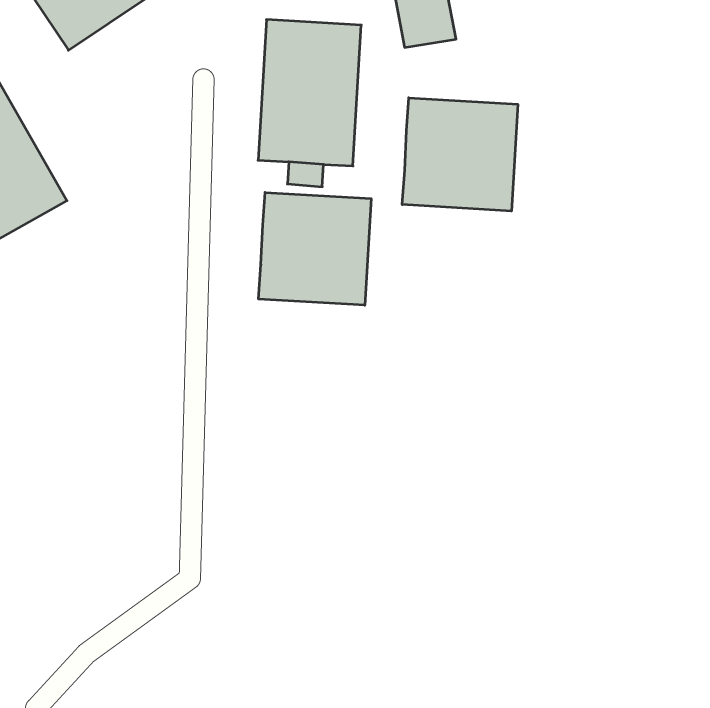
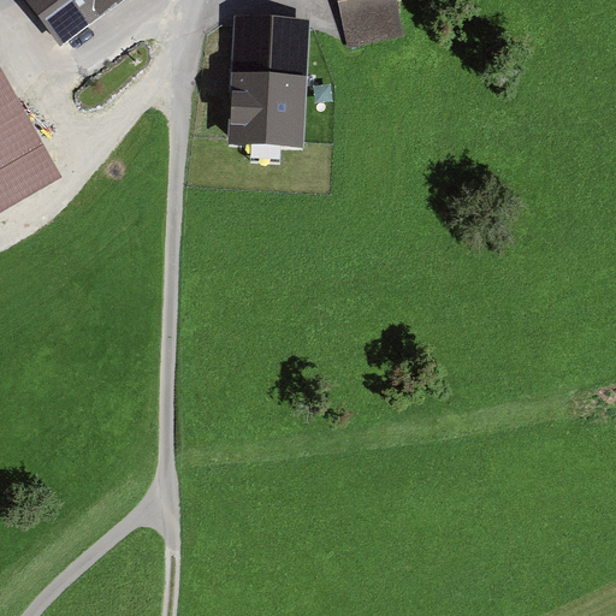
building: [402,98,518,211] -> none
building: [259,192,371,305] -> none

